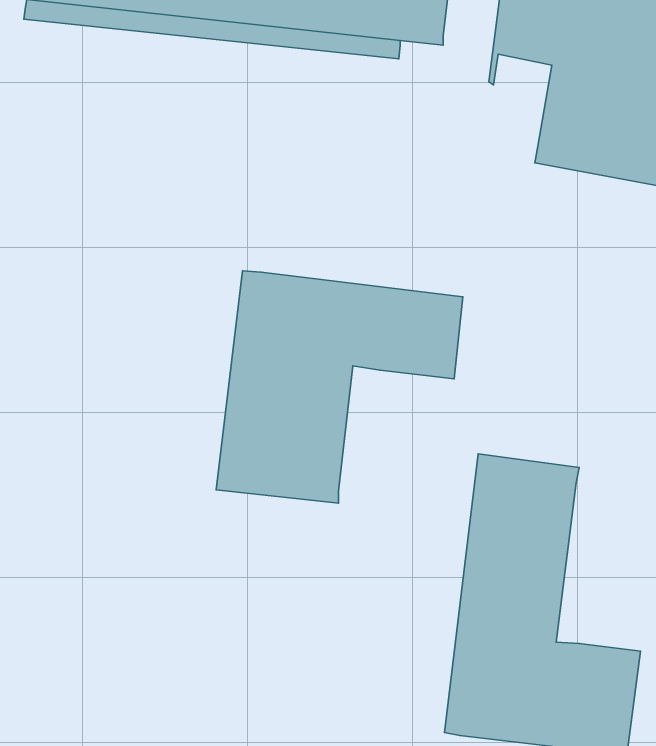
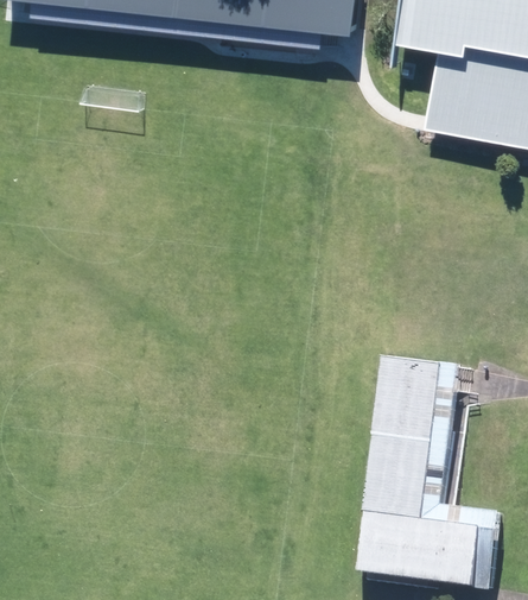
building: [216,271,463,503] -> none

